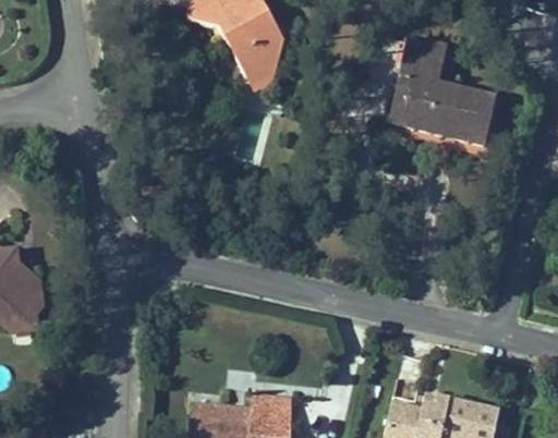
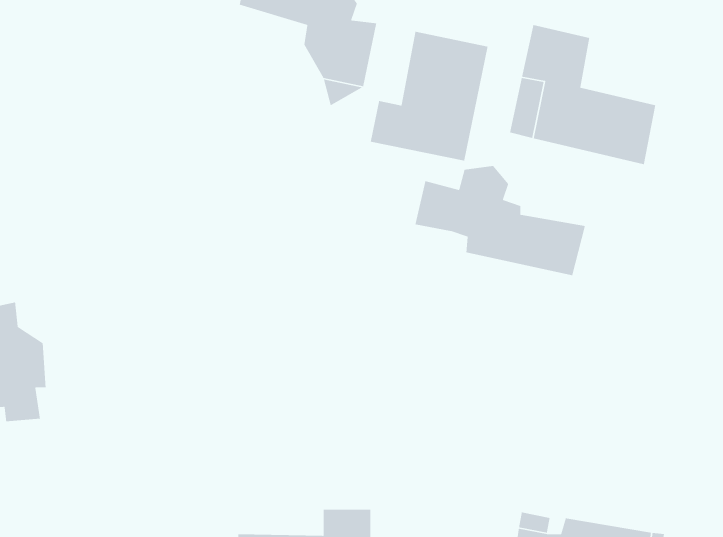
building: none -> [370,31,489,162]
building: none -> [415,165,586,276]

